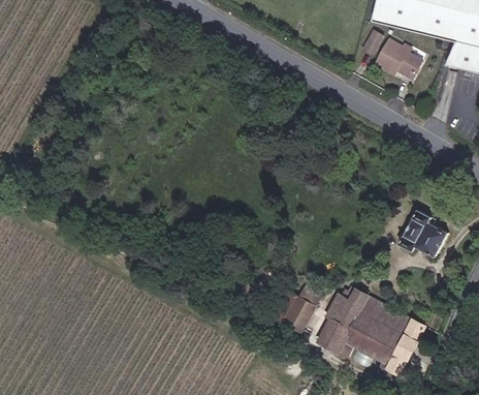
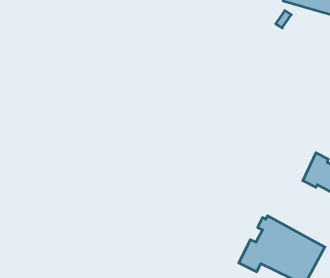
building: [377,40,419,74] -> none
building: [285,284,320,331] -> none

